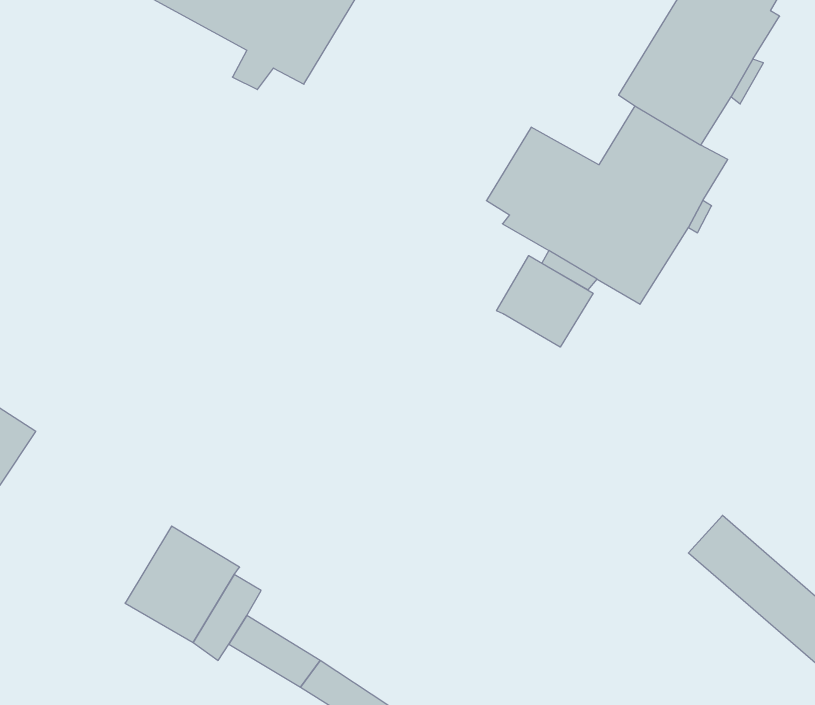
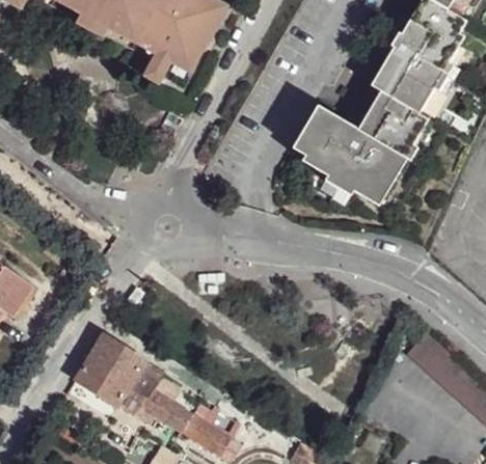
building: [497,256,593,347] -> none

